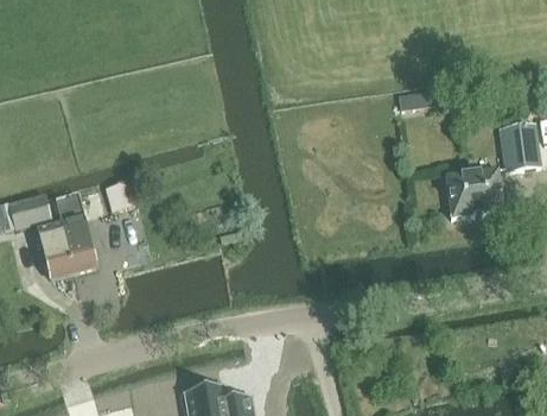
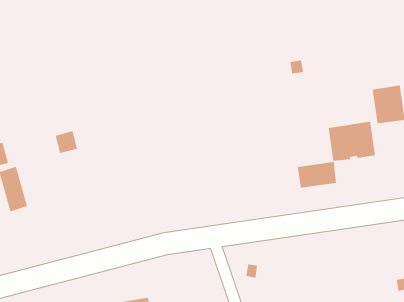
building: [55,195,97,273] -> none
building: none -> [297,161,337,189]

